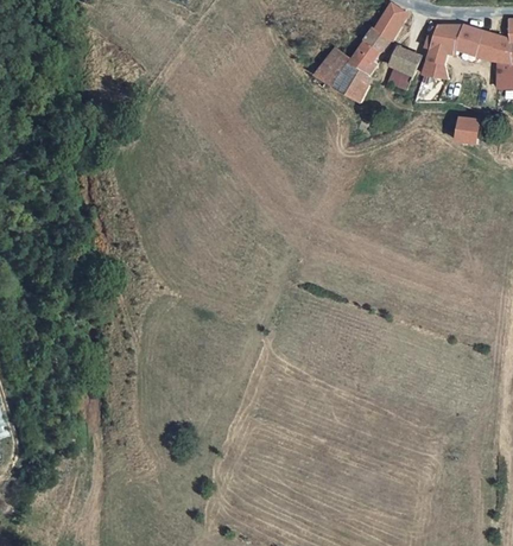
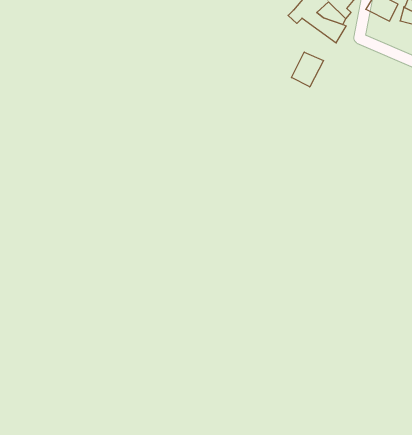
building: none -> [291,52,324,87]

